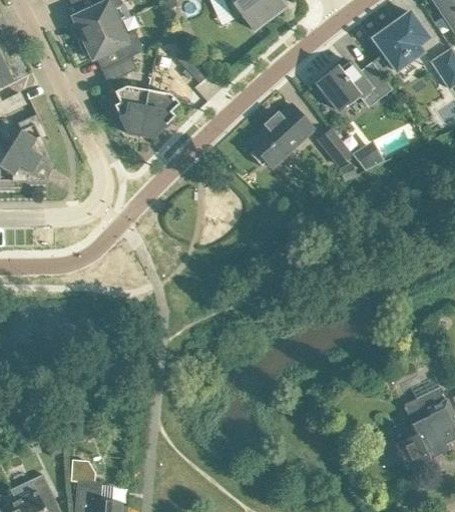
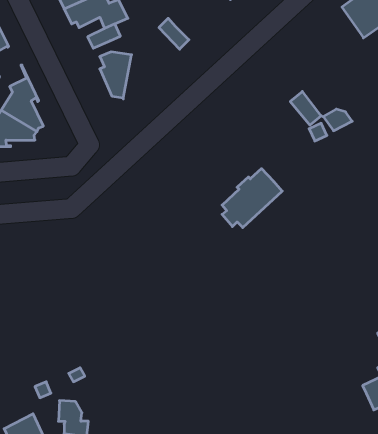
building: [317,59,392,110] -> none
building: [139,89,179,137] -> none
building: [250,104,314,167] -> [222,169,282,228]

